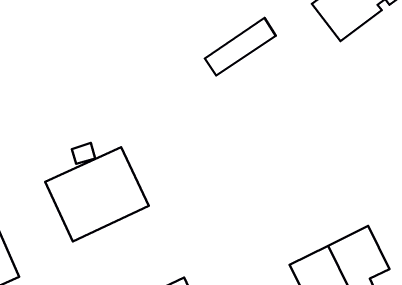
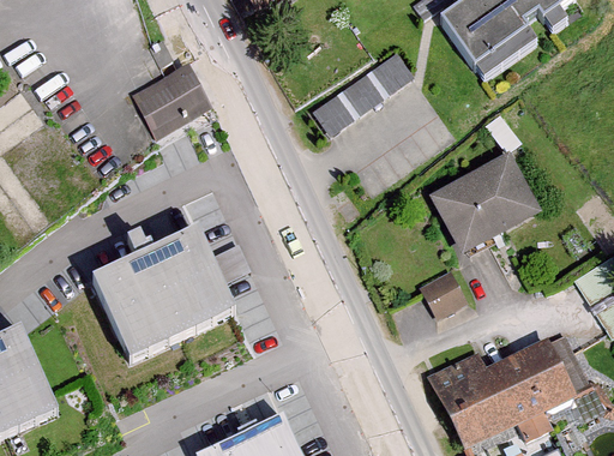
building: none -> [132,61,206,132]
building: none -> [427,155,536,254]
building: none -> [416,269,466,319]

